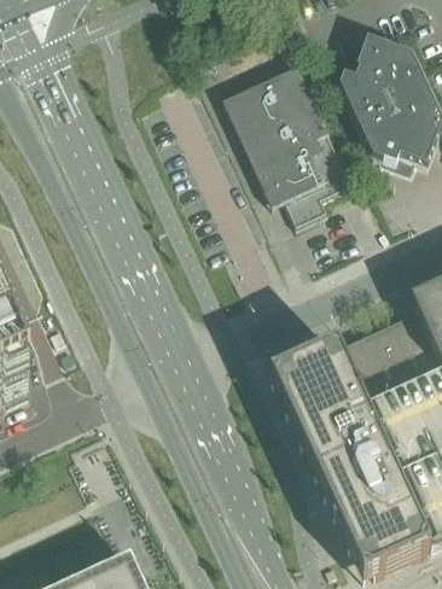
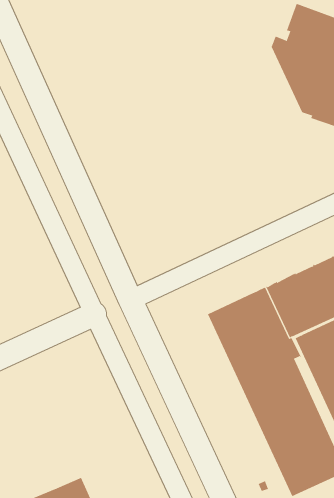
building: [222,63,351,222] -> none

